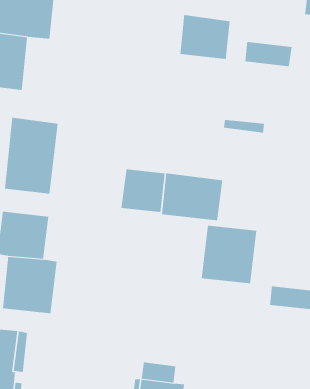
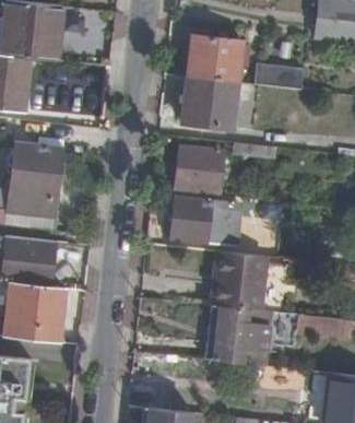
building: none -> [182,75,236,127]
building: [121,169,165,213] -> [173,146,218,191]
building: none -> [204,305,270,365]

